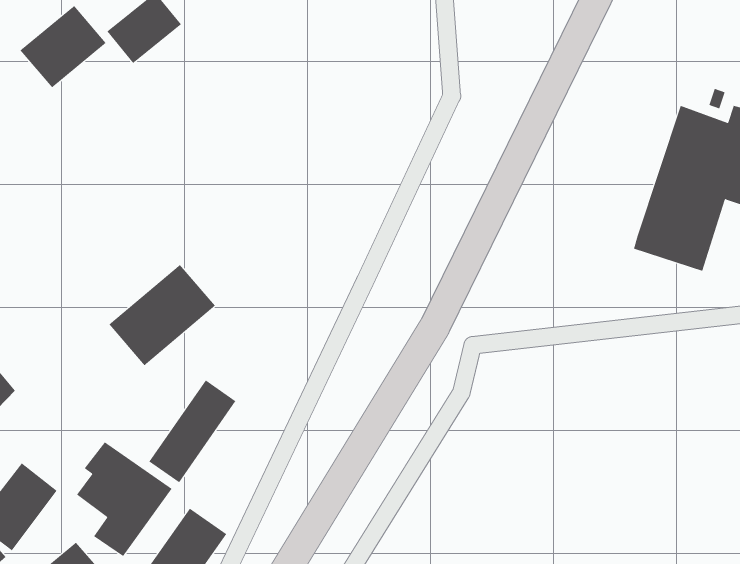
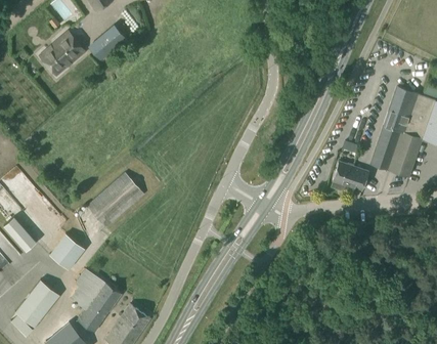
building: none -> [330,161,367,191]
building: none -> [46,233,81,269]
building: [149,379,236,483] -> none

